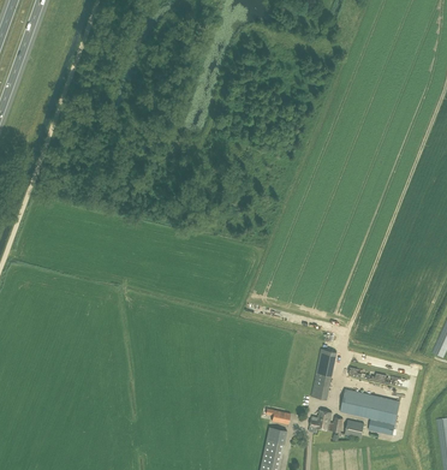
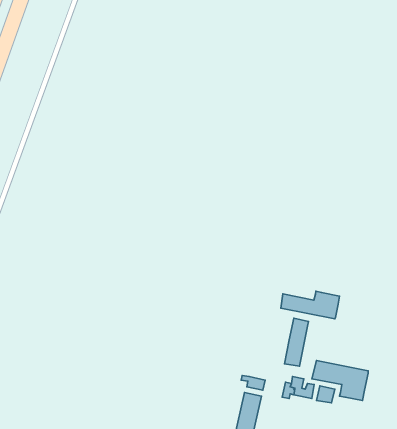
building: none -> [281,291,340,319]

